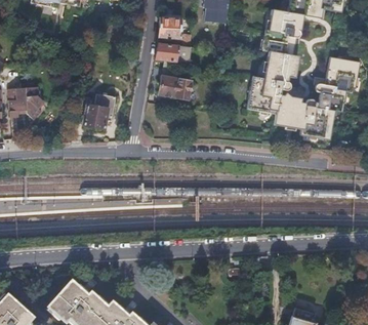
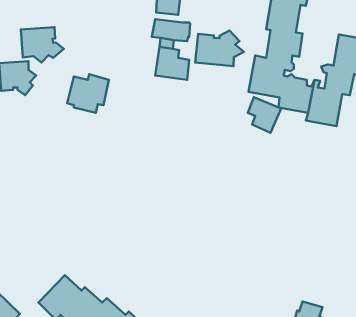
building: none -> [21,27,64,62]
building: none -> [195,30,244,66]
building: none -> [248,97,281,133]

